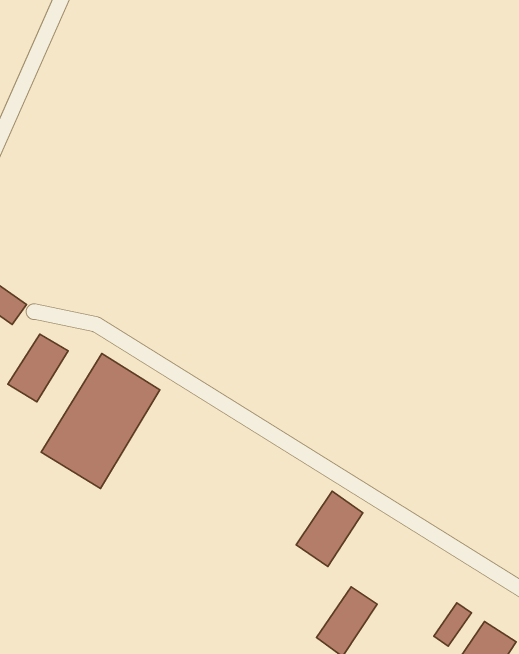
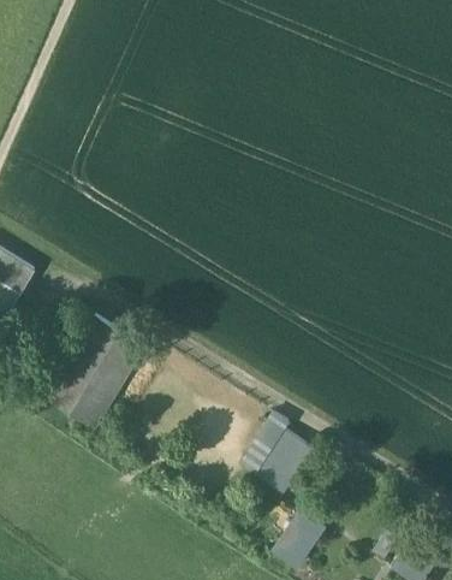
building: [8,334,68,402] -> none
building: none -> [239,409,290,473]

